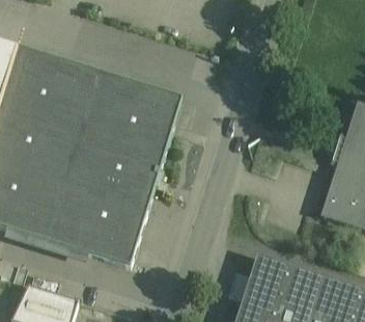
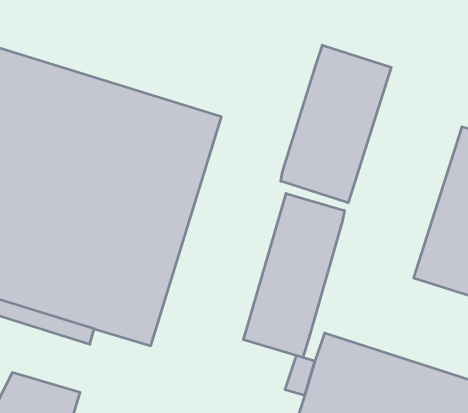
building: none -> [281,45,391,203]
building: none -> [243,193,344,358]

